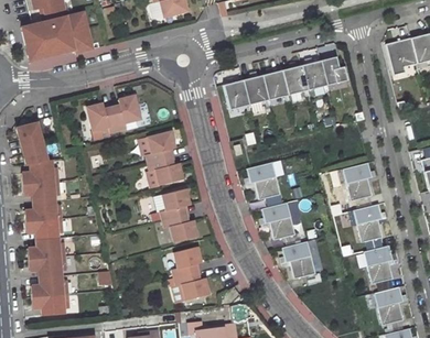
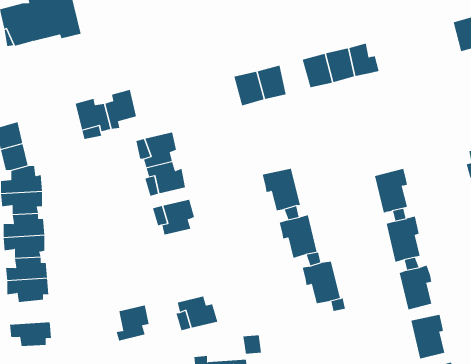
building: [386,39,417,75] -> none
building: [262,70,288,100] -> none
building: [163,215,197,242] -> none
building: [172,247,201,277] -> [116,305,149,341]
building: [30,275,66,296] -> none

